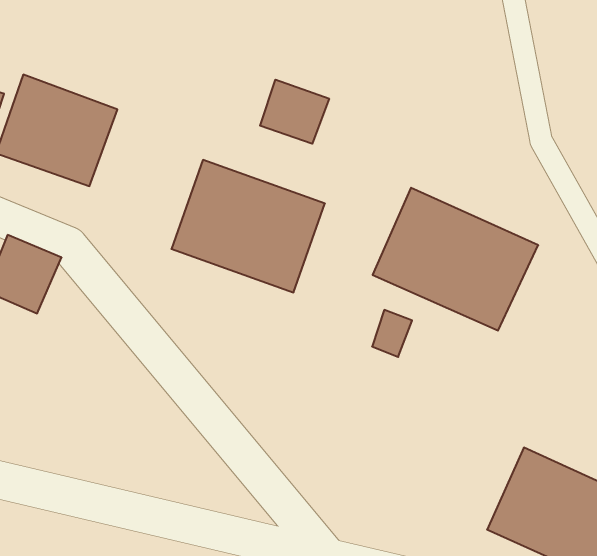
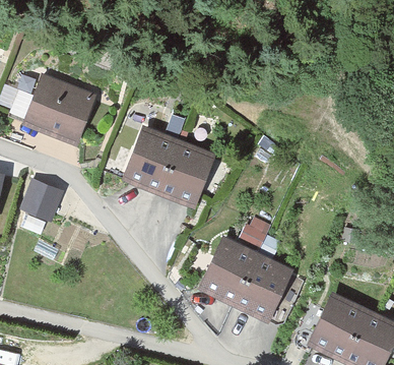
building: [260,80,329,144] -> none
building: [373,188,538,331] -> [202,238,299,321]

